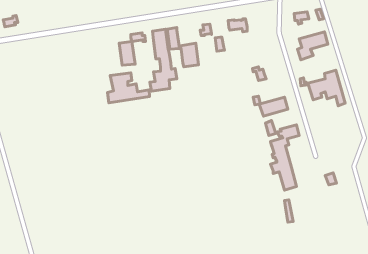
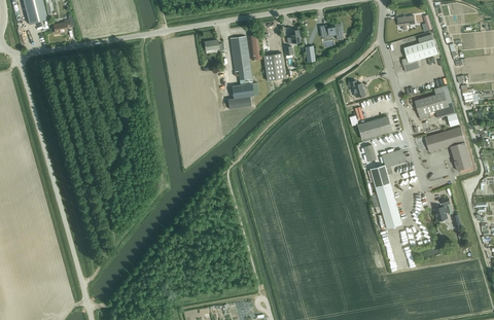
building: [119,41,135,65] -> none
building: [108,73,150,103] -> none
building: none -> [425,127,472,172]

